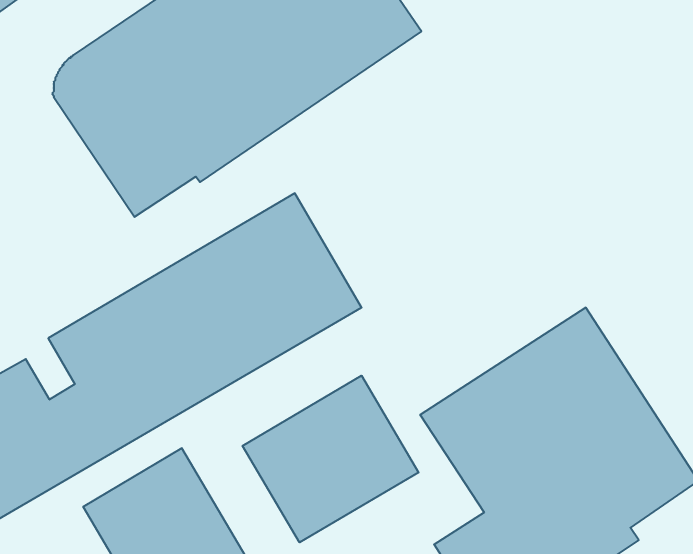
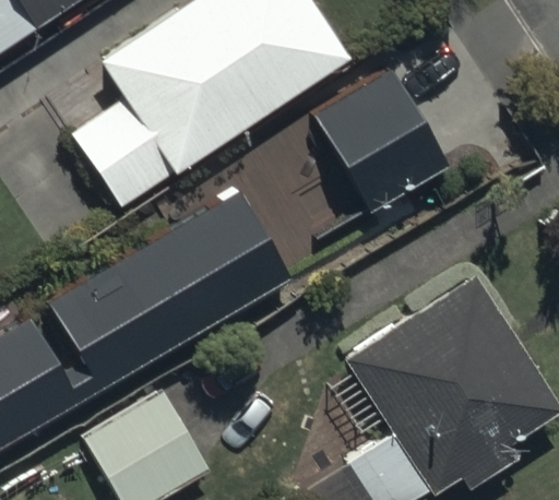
building: none -> [314,68,452,212]
building: [243,376,419,542] -> none

